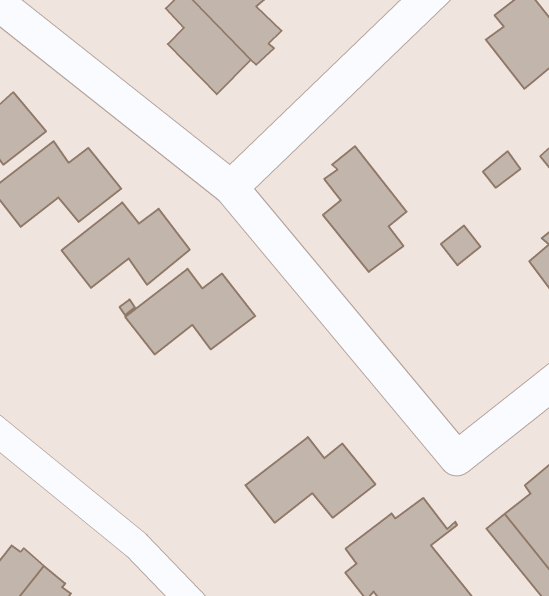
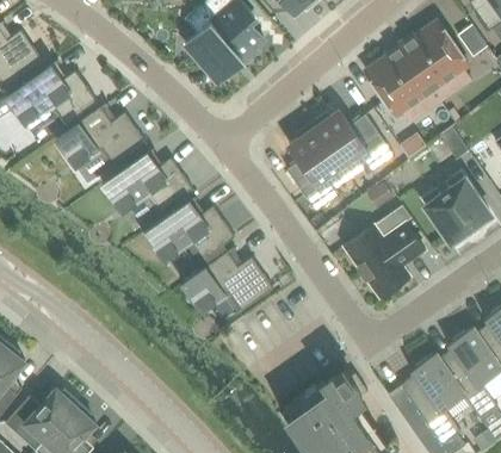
building: none -> [365,55,432,116]
building: none -> [311,111,395,176]
building: none -> [344,206,425,298]
building: [245,437,375,523] -> [183,253,273,311]

